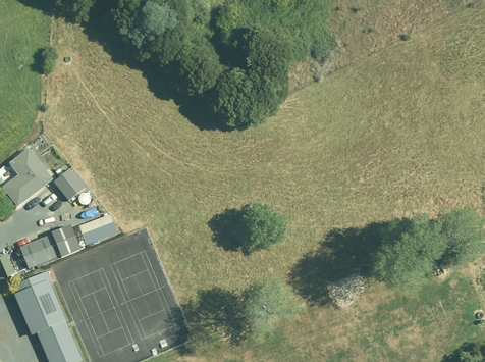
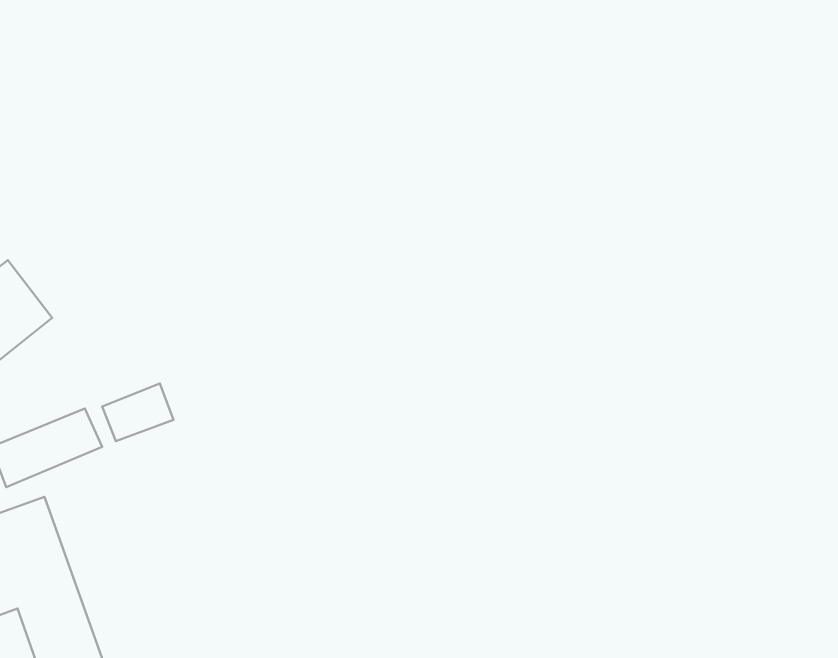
building: [54,167,86,200] -> none

